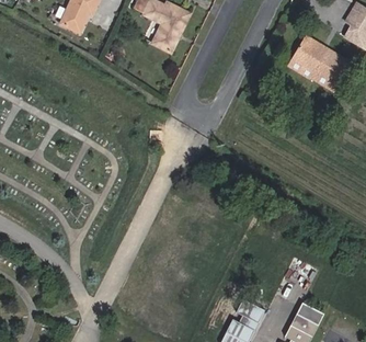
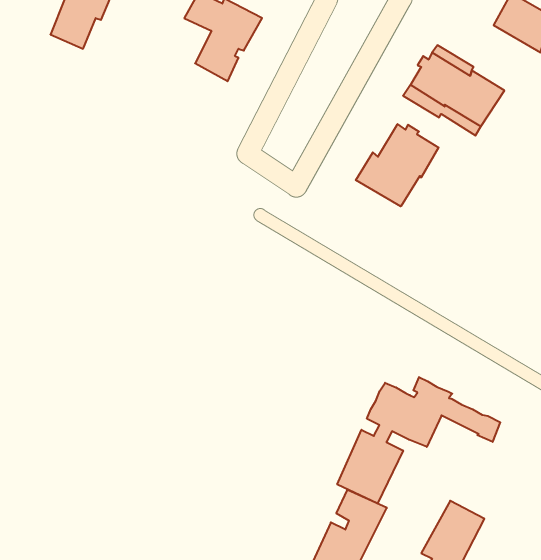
building: none -> [356,124,439,206]
building: none -> [337,377,500,504]

